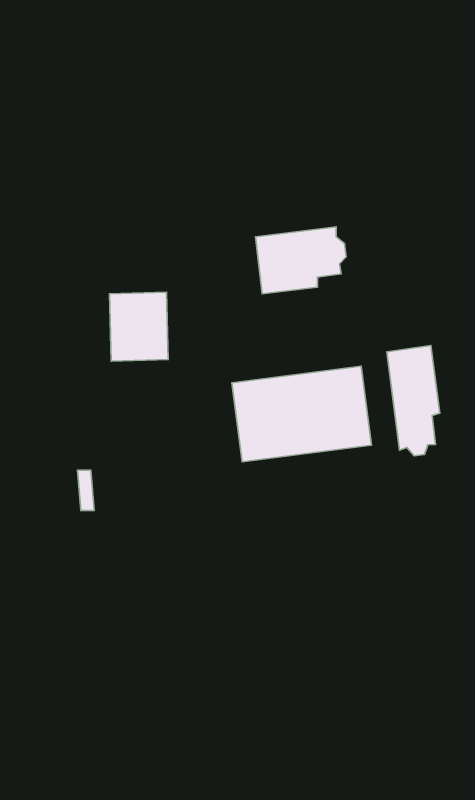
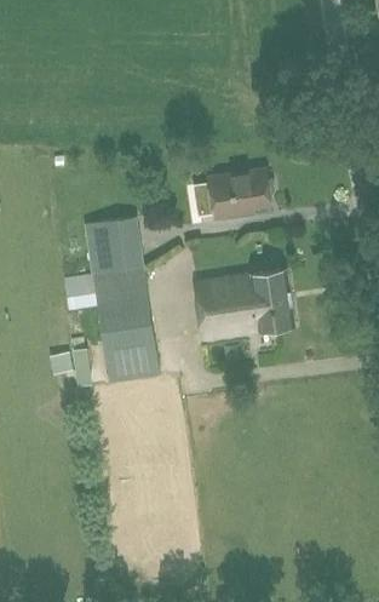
building: [387,346,440,456] -> none
building: none -> [90,269,156,383]

